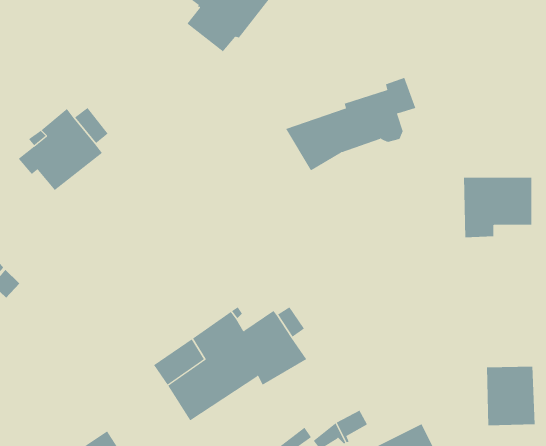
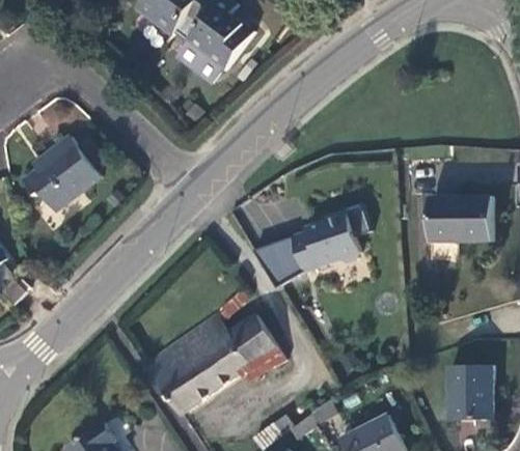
building: [285,77,416,171] -> [254,202,373,287]

